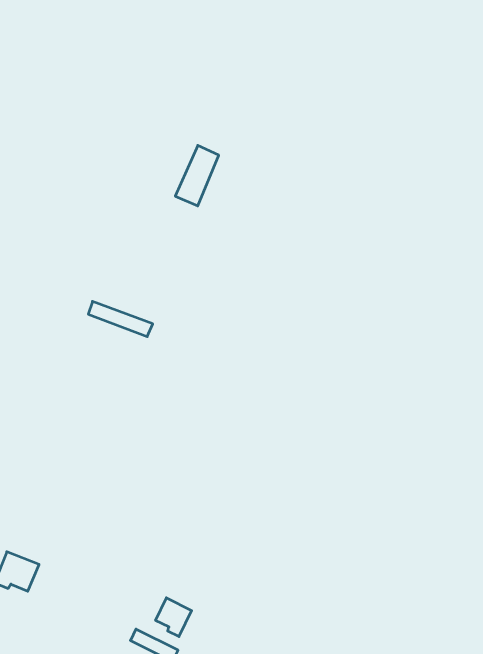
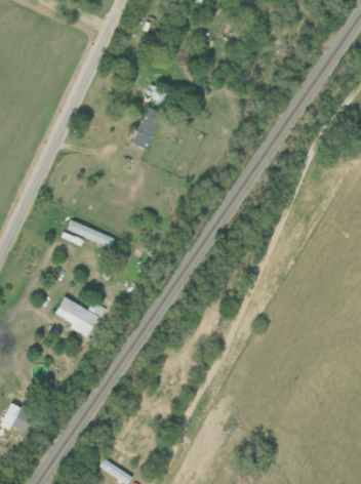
building: none -> [54,297,103,337]
building: [156,598,192,637] -> none

